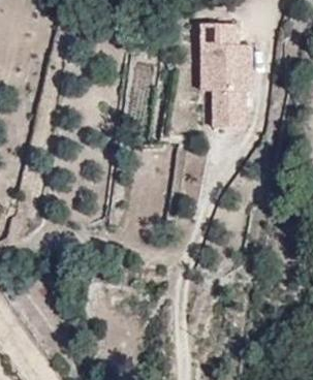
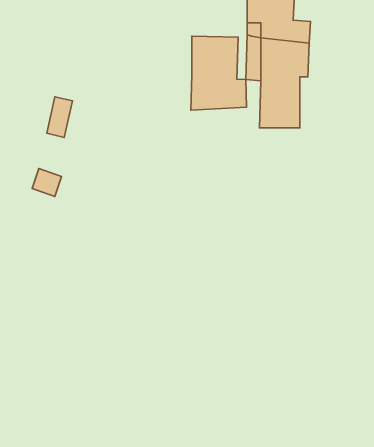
building: none -> [191,36,247,110]

